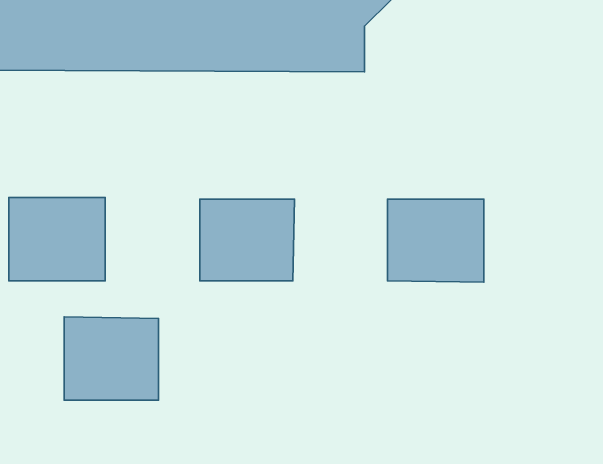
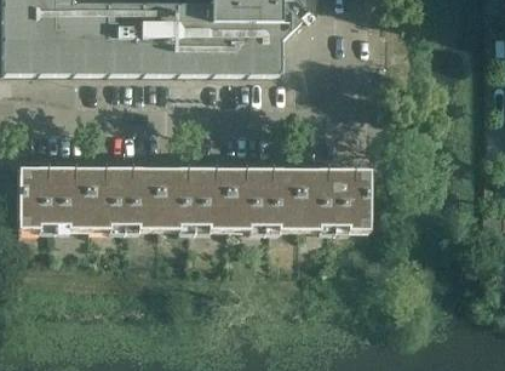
building: none -> [228,169,298,229]
building: [64,317,159,400] -> [88,167,159,229]

